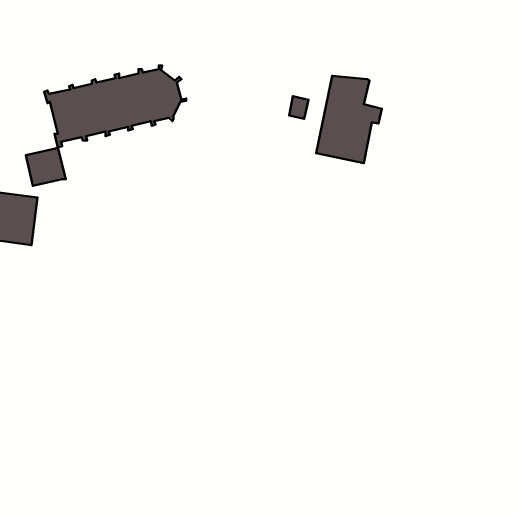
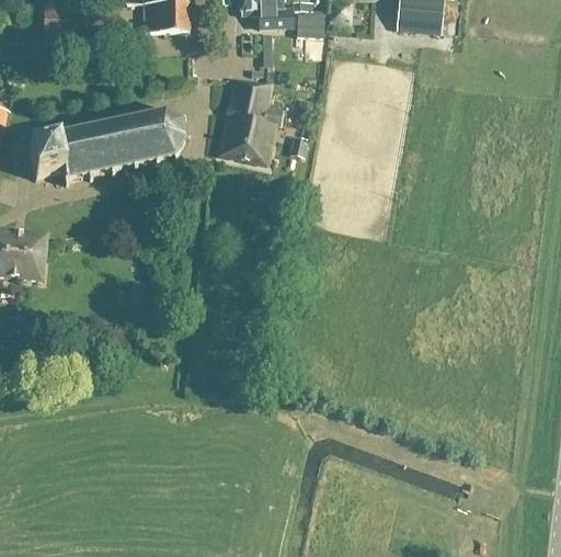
building: [316,76,382,163] -> [219,78,283,162]
building: [26,147,66,186] -> [26,139,65,177]

